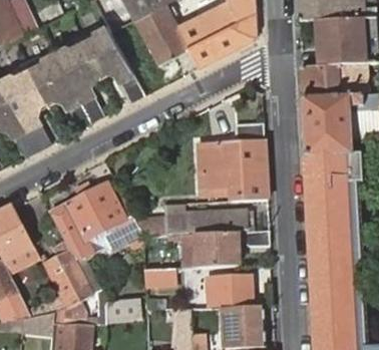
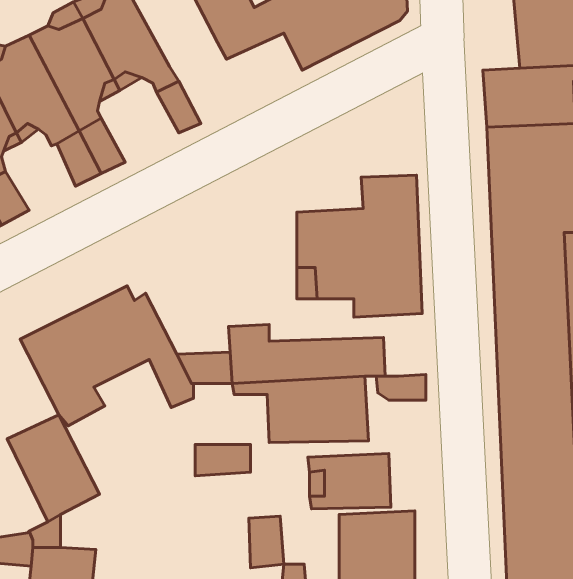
building: [107,299,144,322] -> none

